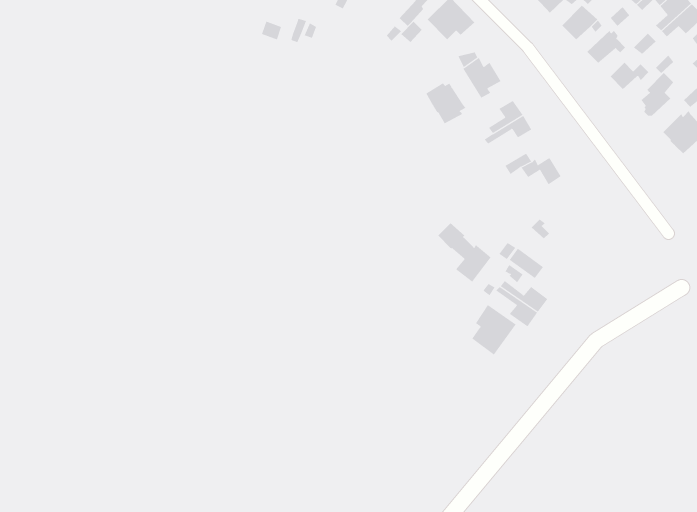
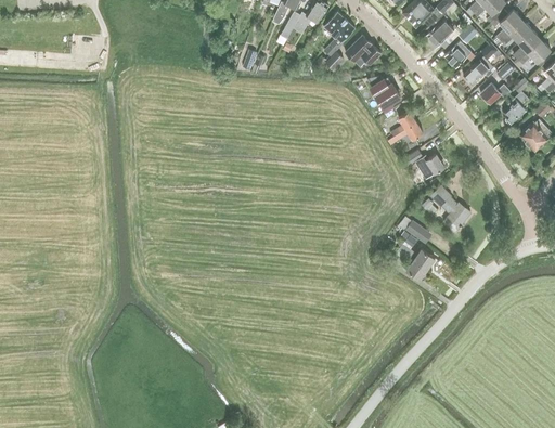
building: [425,82,466,124] -> none
building: [437,222,492,282] -> [430,186,470,231]
building: [471,304,517,355] -> none

